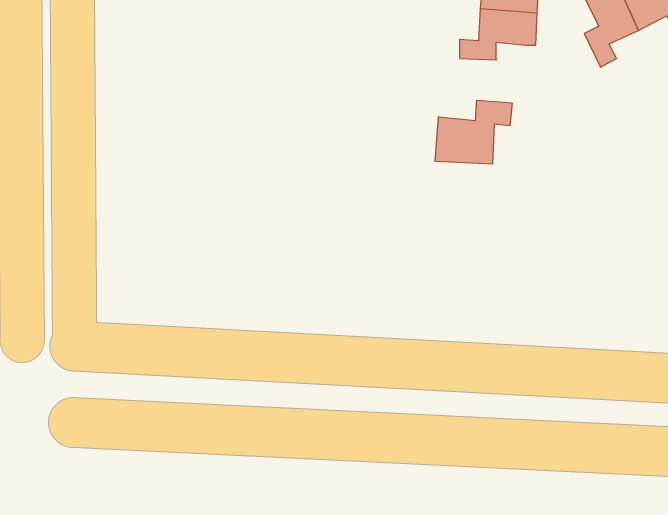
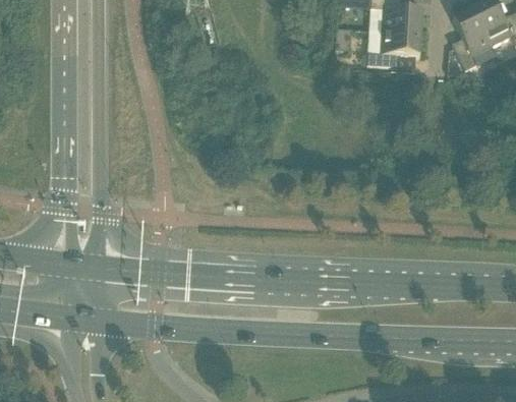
building: [435,100,512,164] -> none

